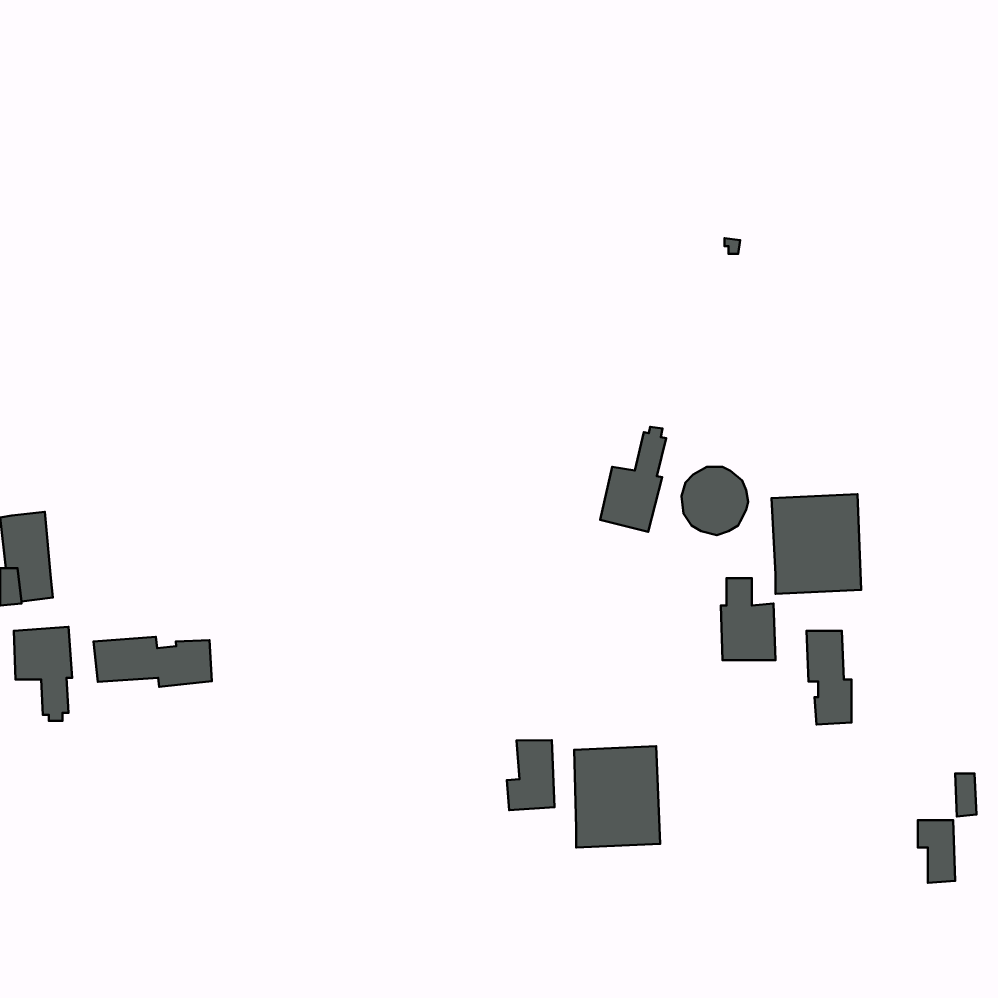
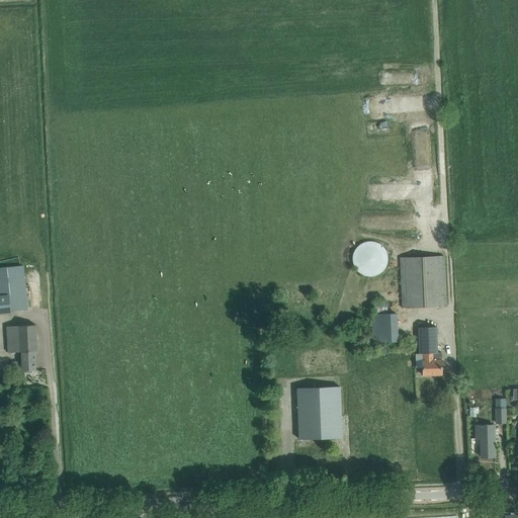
building: [600,427,666,532] -> none
building: [93,637,212,687] -> none
building: [507,740,554,810] -> none

